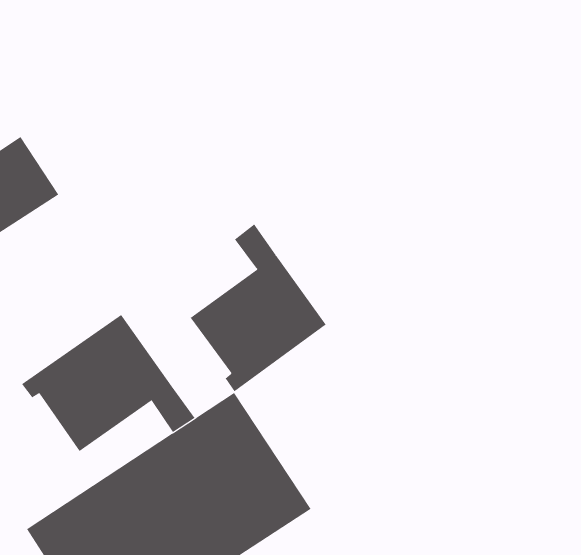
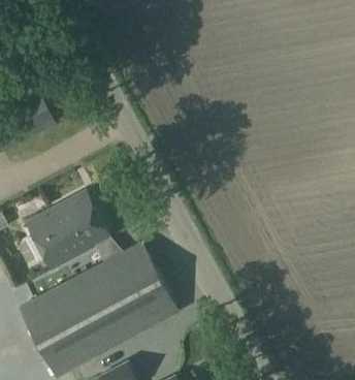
building: [190,223,327,392] -> none

